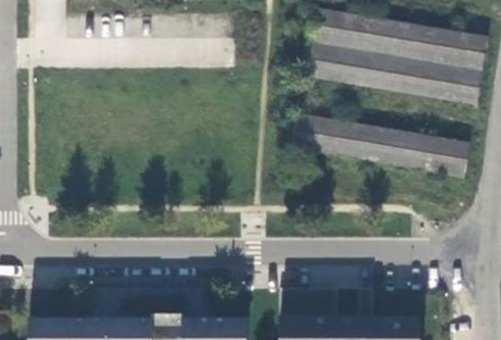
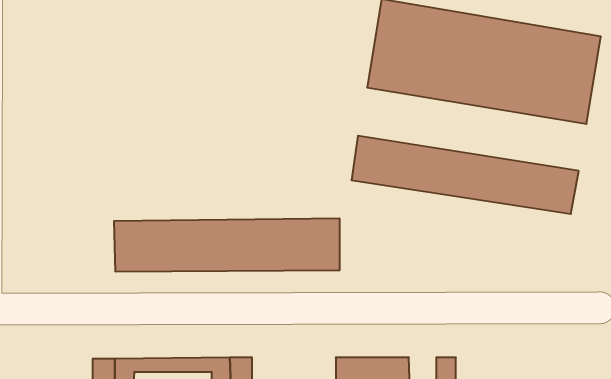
building: none -> [114,218,340,272]

